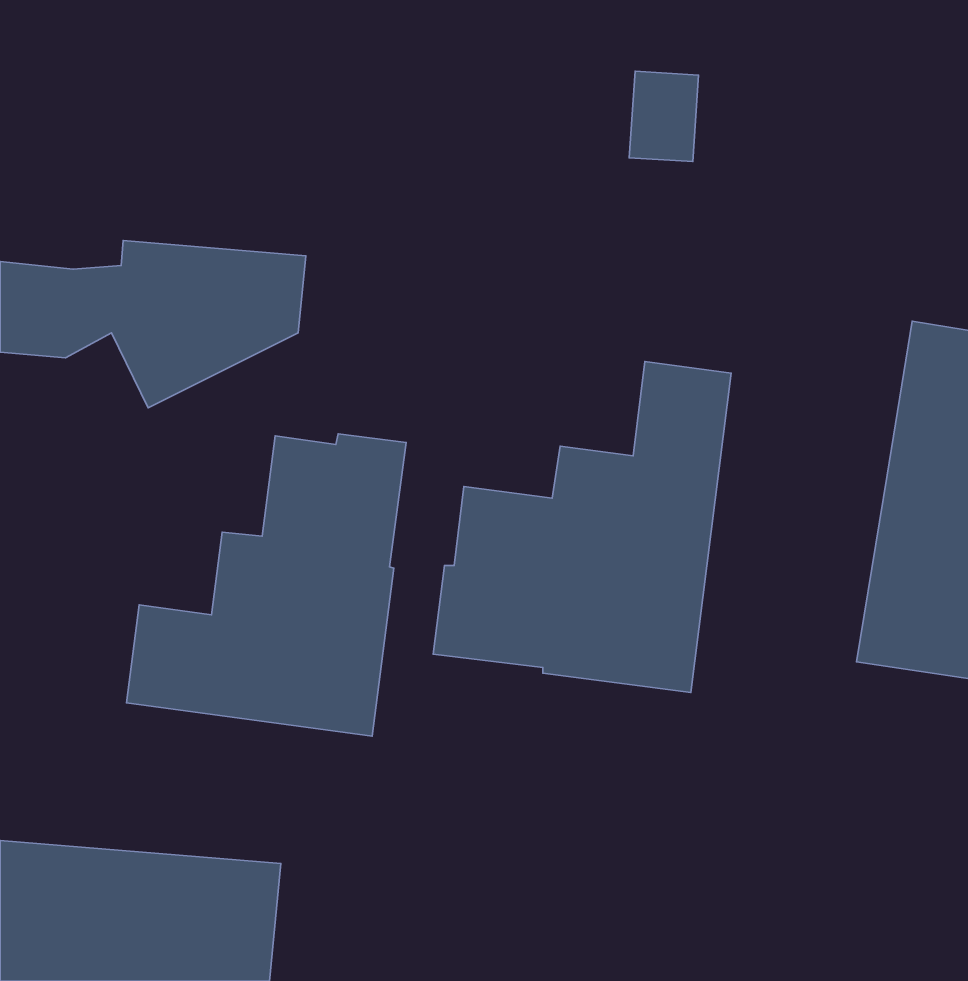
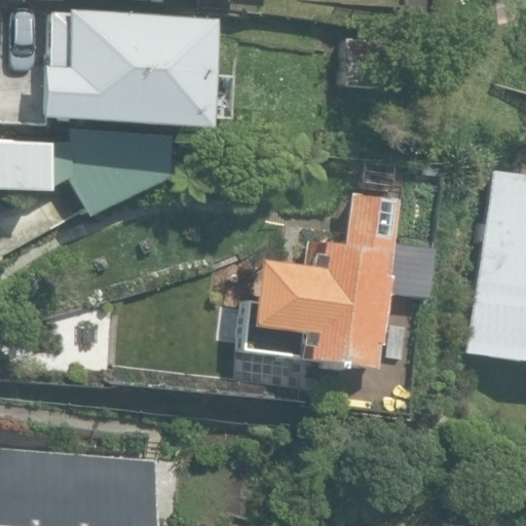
building: none -> [40,10,208,130]
building: [126,434,406,736] -> none

